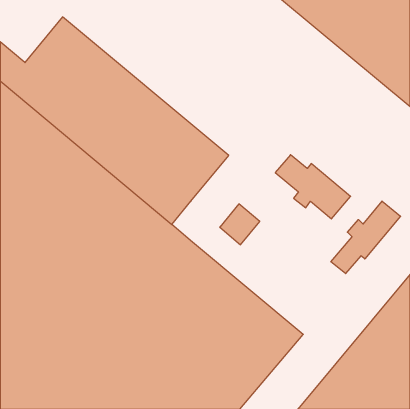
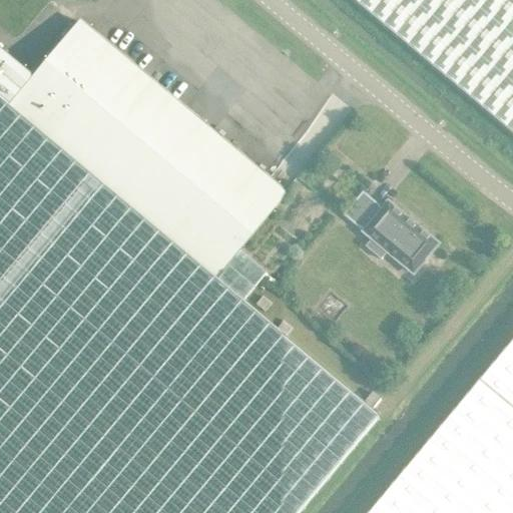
building: [331,201,401,274] -> none
building: [220,204,260,245] -> [214,251,265,303]

